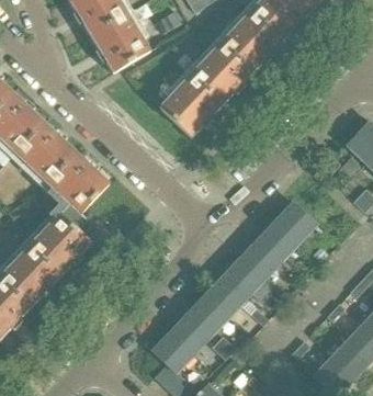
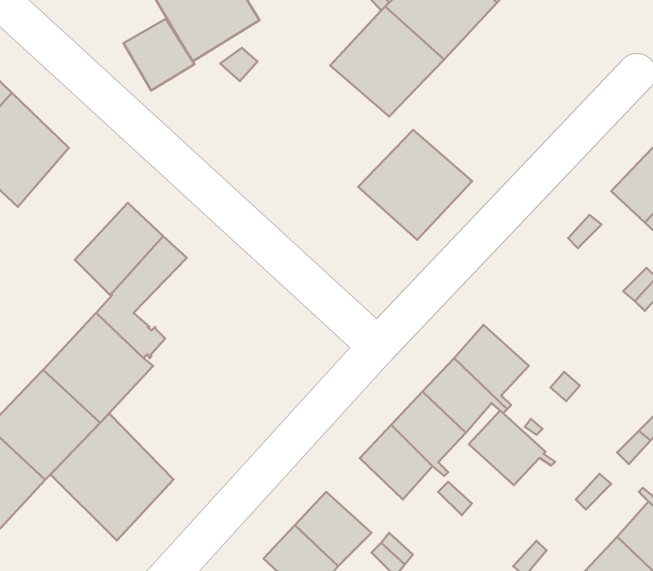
building: none -> [123,19,194,91]
building: [158,75,222,136] -> [358,130,472,240]
building: [14,121,76,183] -> none
building: [274,201,323,242] -> [469,411,555,485]
building: none -> [50,414,173,541]
building: [186,294,229,336] -> none

